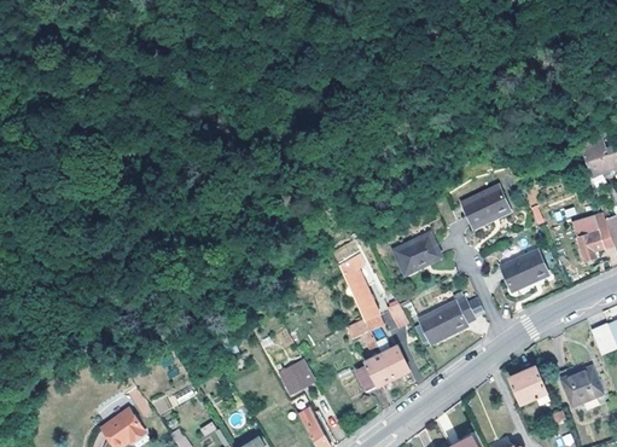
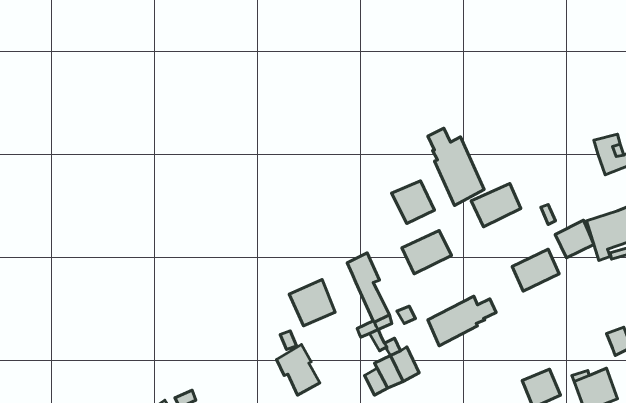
building: none -> [428,128,484,205]
building: none -> [392,181,435,223]
building: none -> [555,220,594,258]
building: none -> [289,279,335,326]

